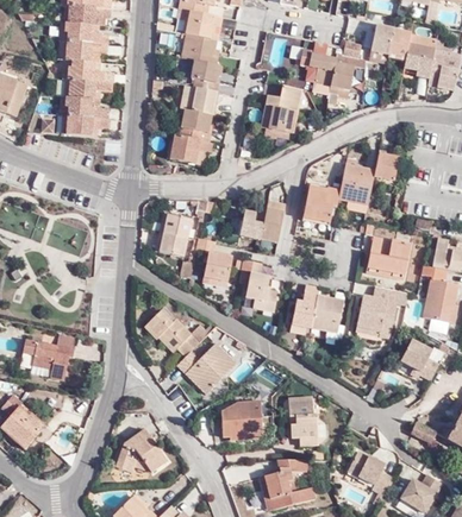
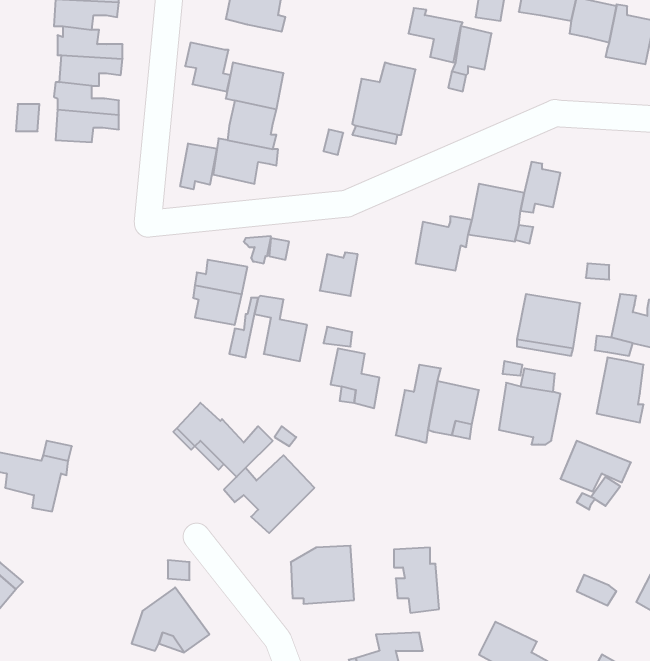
building: [189,59,219,92] -> [185,43,230,91]
building: none -> [180,143,217,189]
building: [261,200,287,241] -> none

